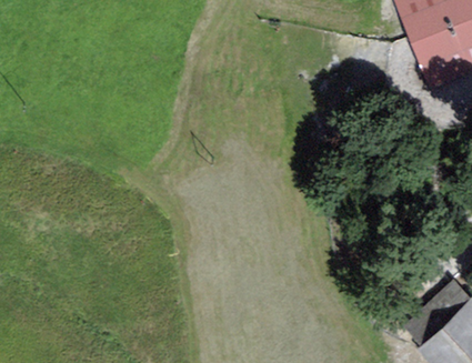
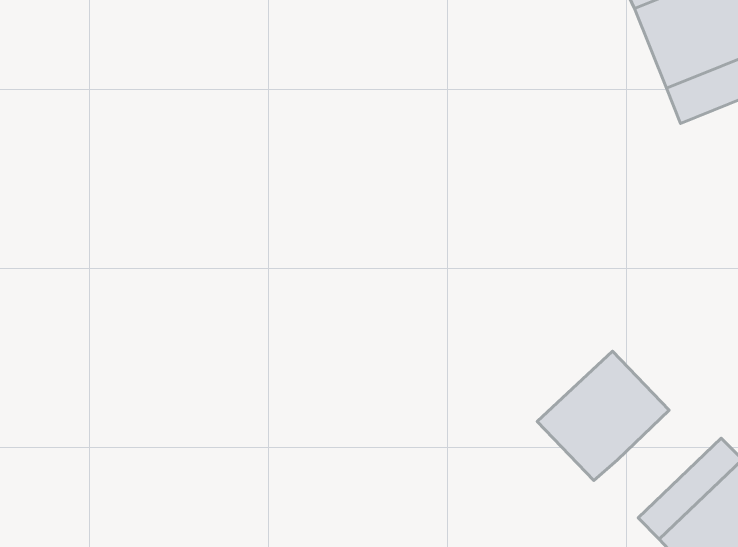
building: none -> [537,351,669,480]

